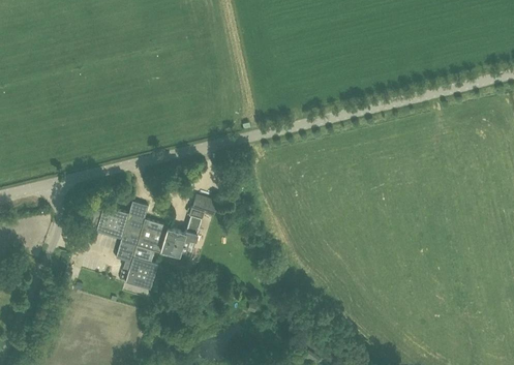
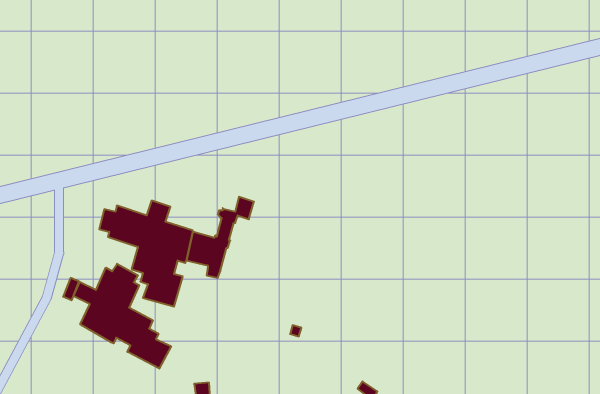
building: none -> [73,264,171,369]

